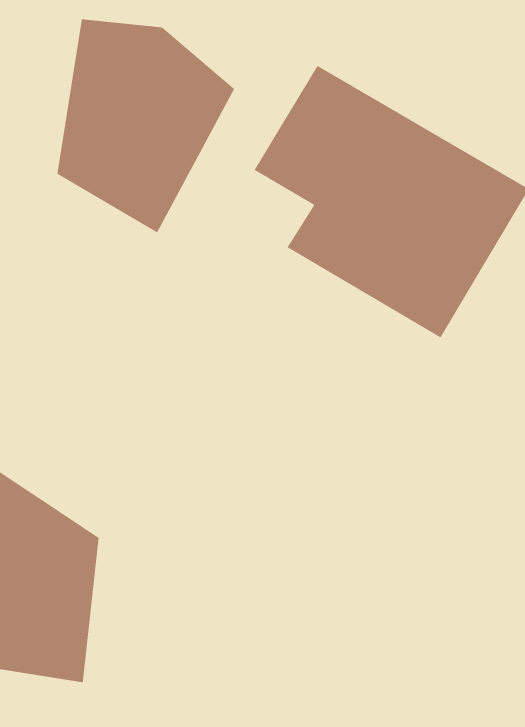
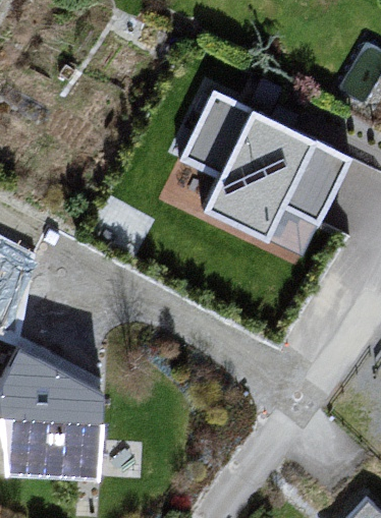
building: [57,18,235,233] -> none

